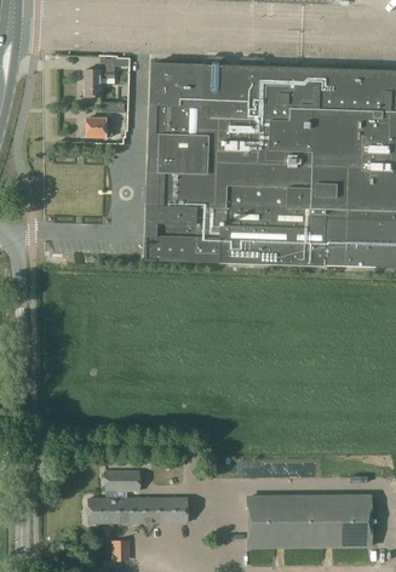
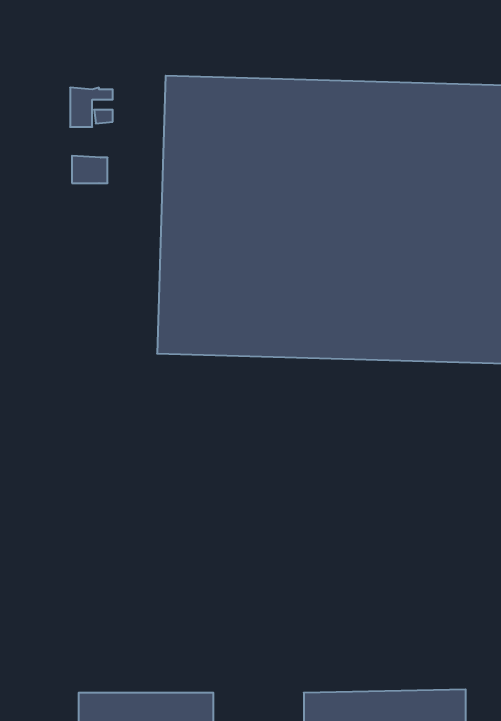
building: [105,471,140,499] -> none

